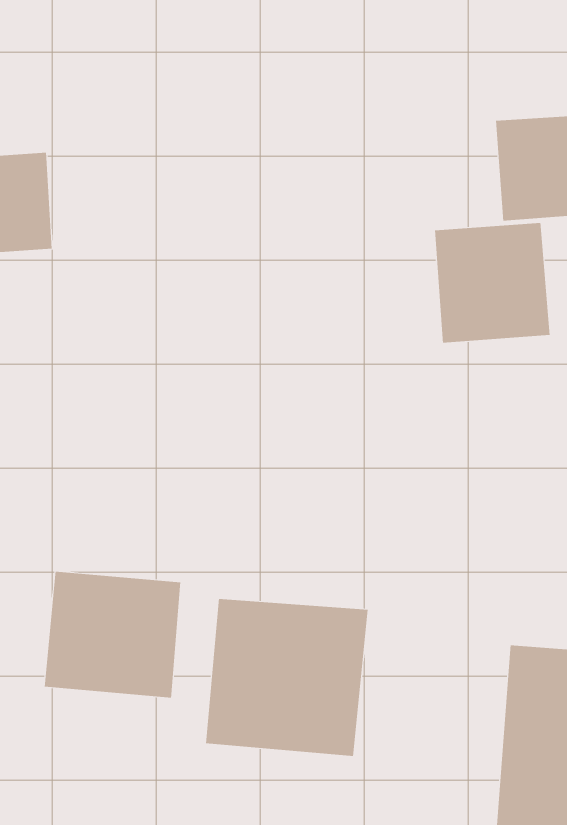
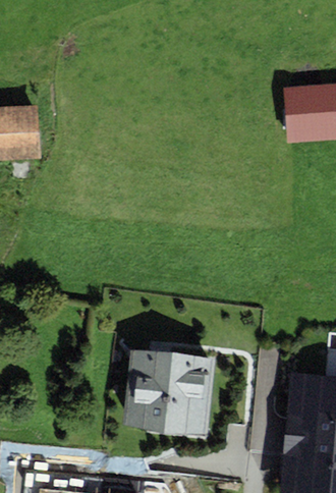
building: [435,222,550,344] -> none
building: [44,571,181,698] -> none

